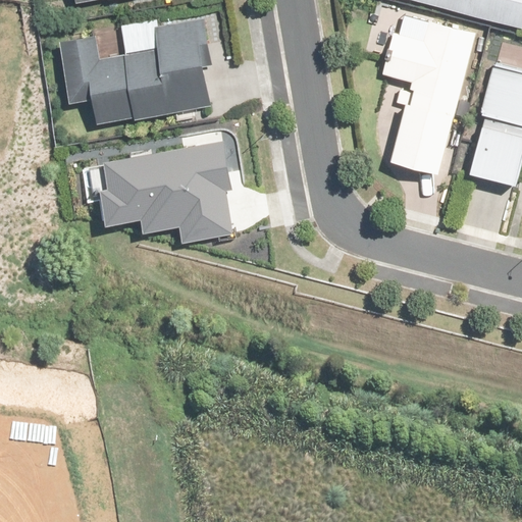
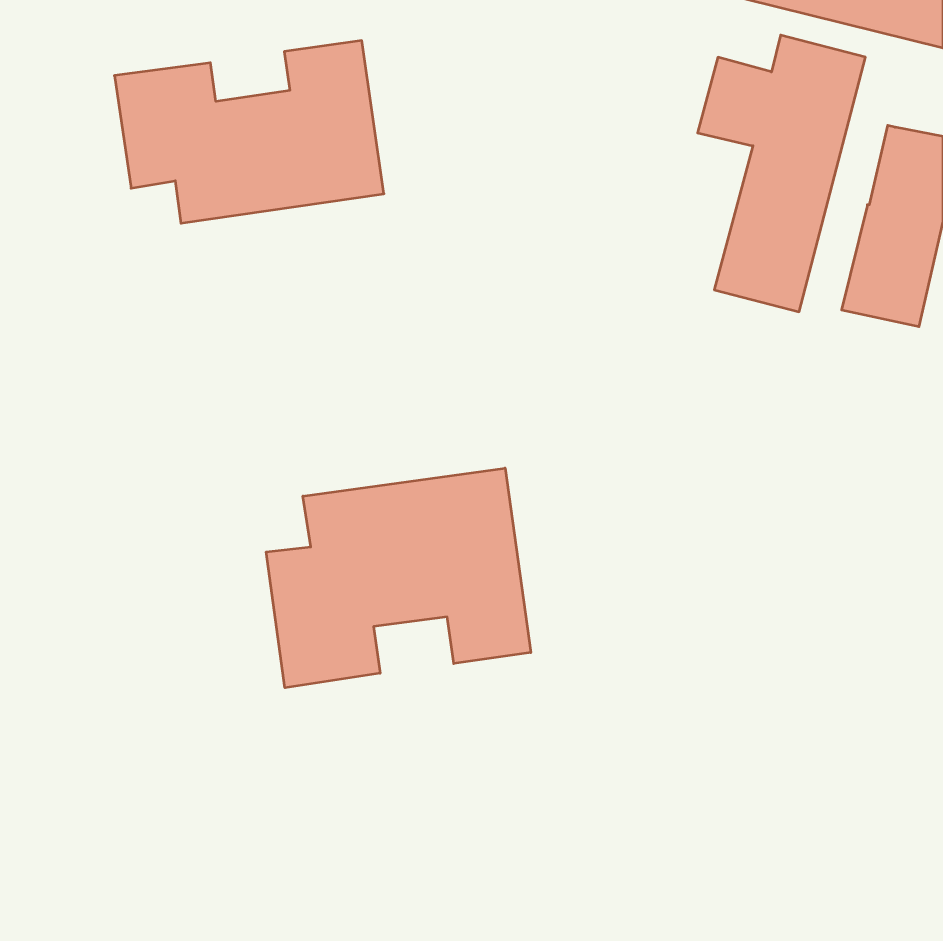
building: [94,146,227,240] -> none
building: none -> [266,468,531,688]

